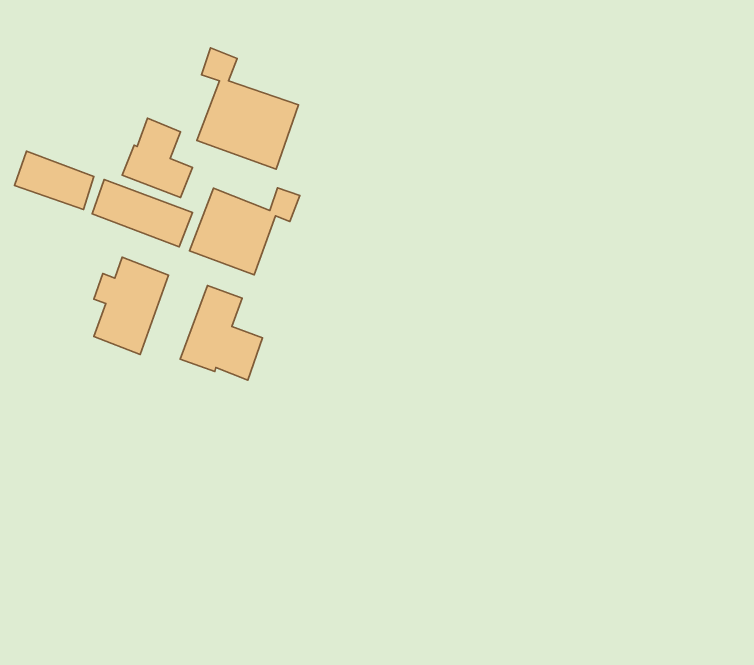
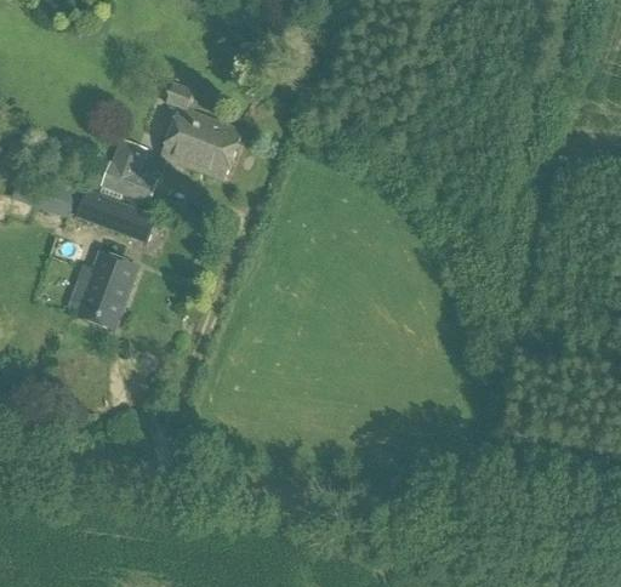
building: [190,188,300,275] -> none
building: [180,286,263,380] -> none

